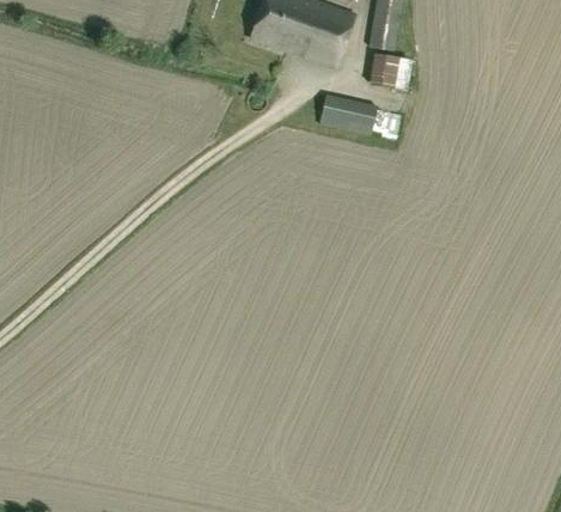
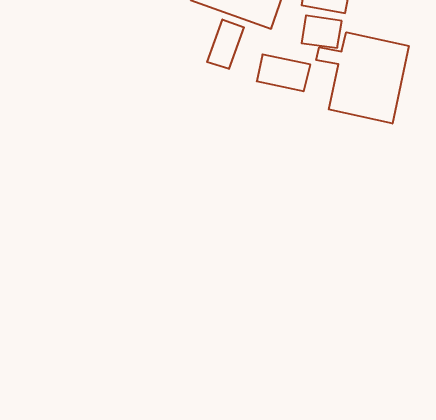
building: none -> [207,19,244,69]
building: none -> [316,32,409,124]

